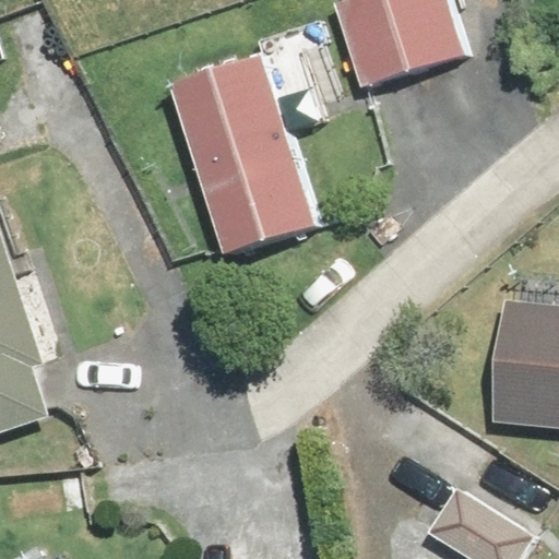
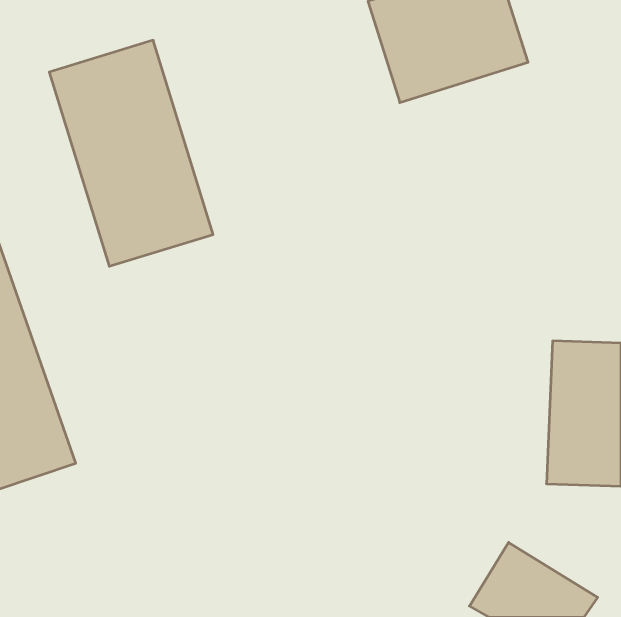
building: [170,50,317,252] -> [49,40,213,266]

